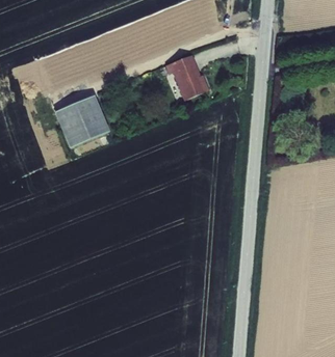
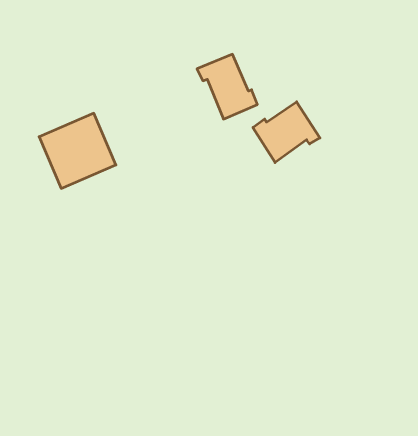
building: none -> [253,102,320,163]

